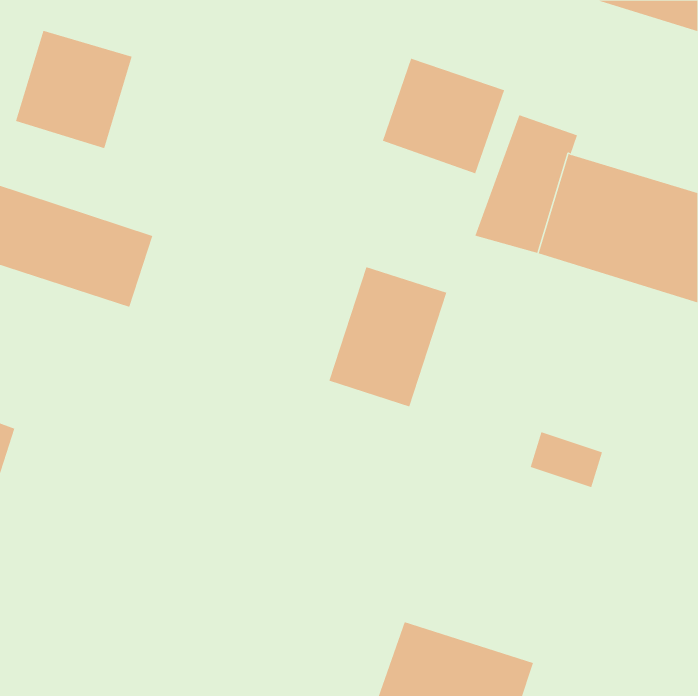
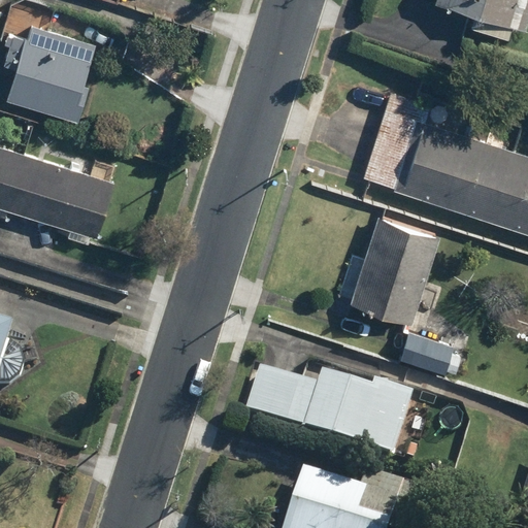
building: [382,58,505,174] -> none
building: [328,266,447,407] -> [348,217,436,322]
building: none -> [244,372,412,461]

